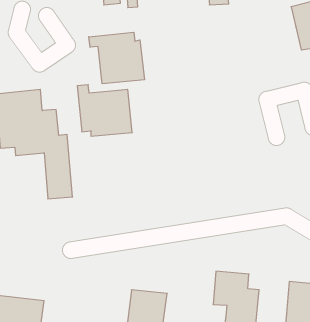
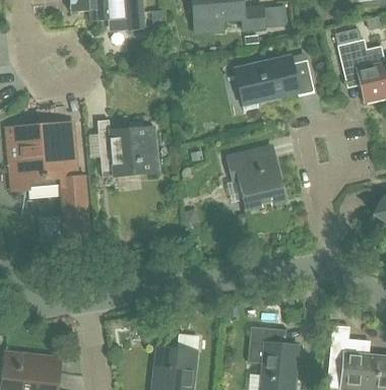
building: none -> [235,56,316,105]
building: [89,32,144,84] -> none
building: none -> [228,145,285,208]

